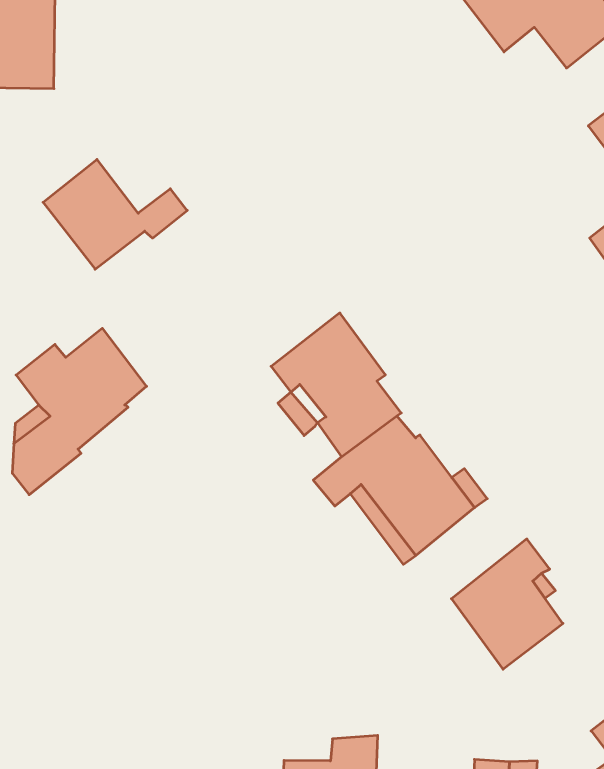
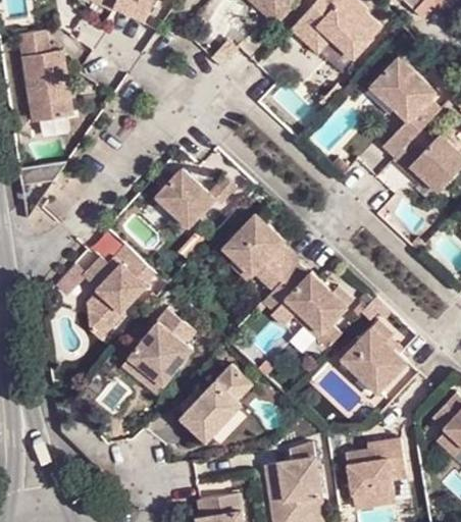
building: [43,159,187,269] -> [154,166,234,226]
building: none -> [126,320,190,385]
building: none -> [181,364,251,441]

